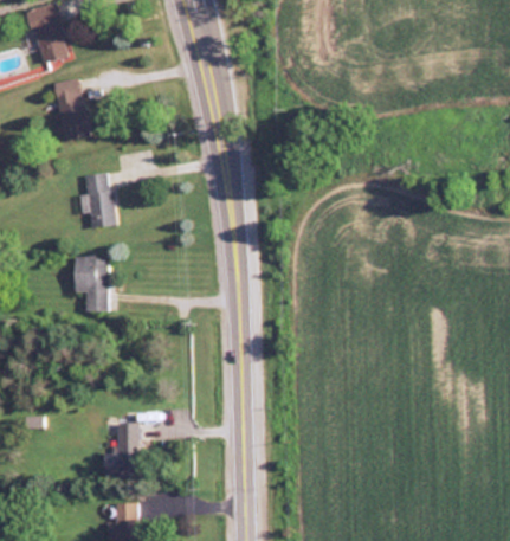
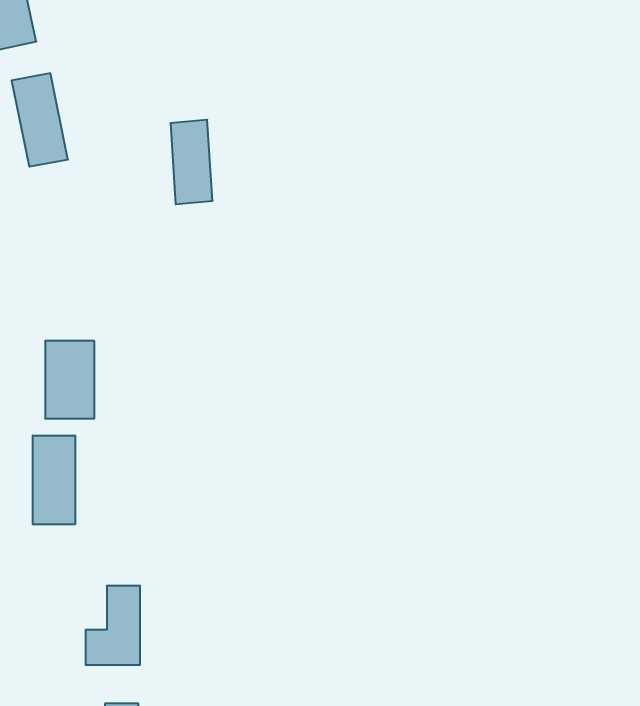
building: [88,173,116,230] -> [170,120,213,204]
building: none -> [33,435,75,524]

